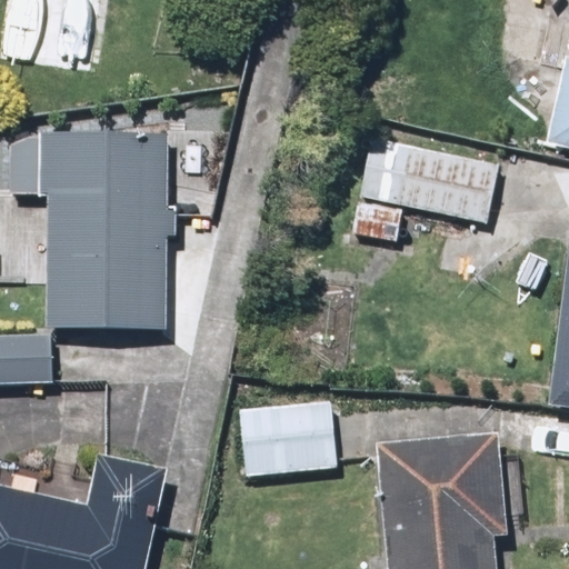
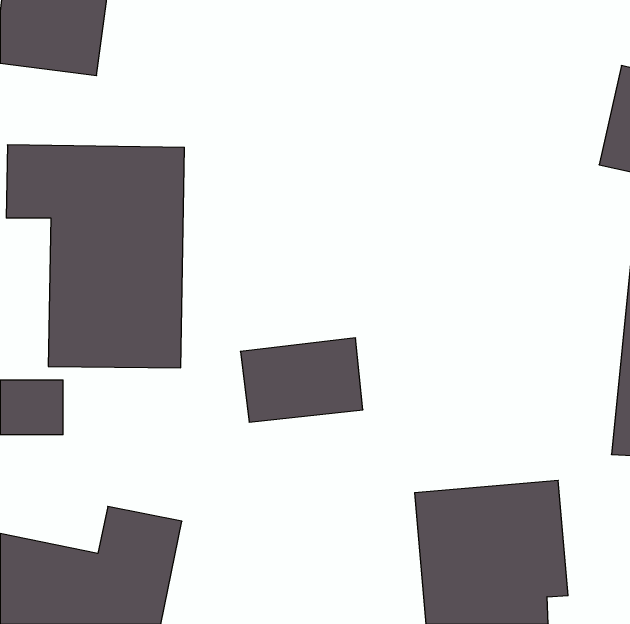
building: [348,133,509,241] -> none
building: [232,399,342,475] -> [240,338,363,422]

